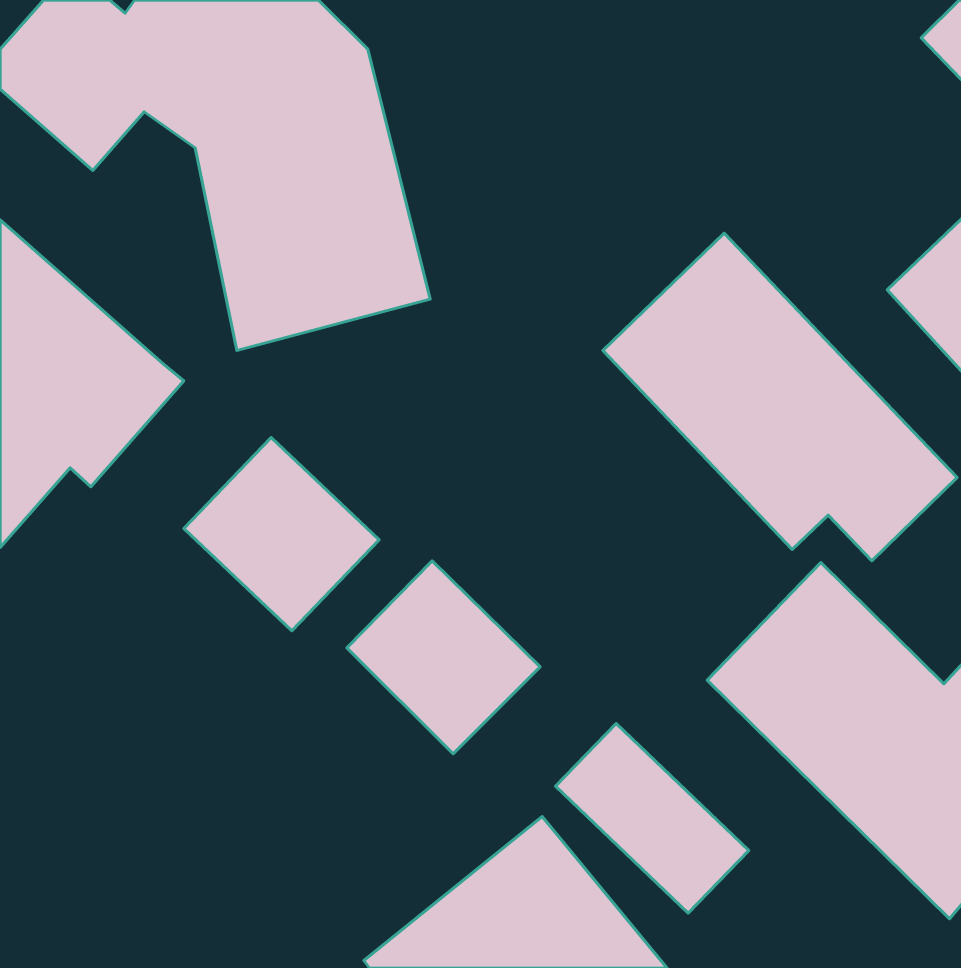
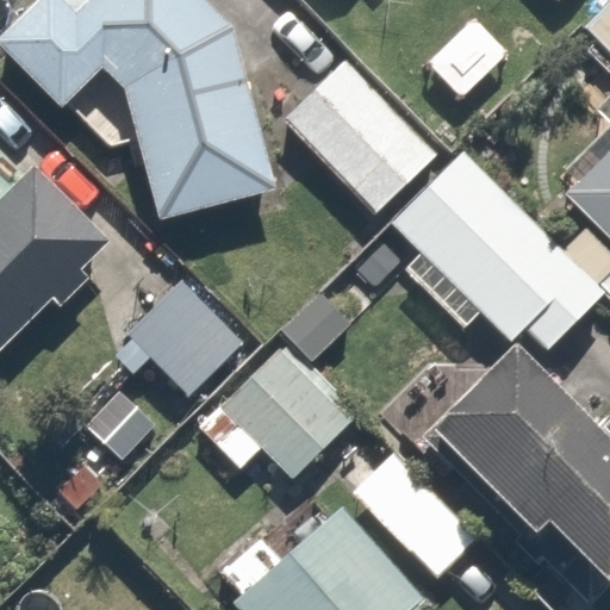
building: none -> [284,58,435,213]

